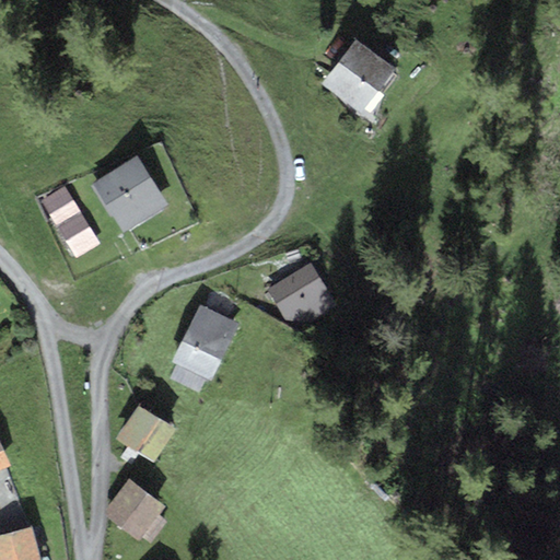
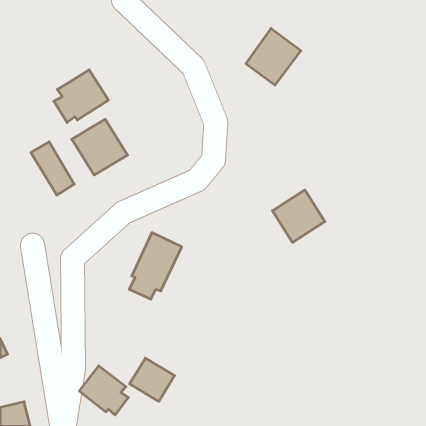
building: none -> [54,70,108,123]
building: [268,262,337,331] -> [272,190,325,242]
building: [116,405,175,462] -> [130,358,175,401]

